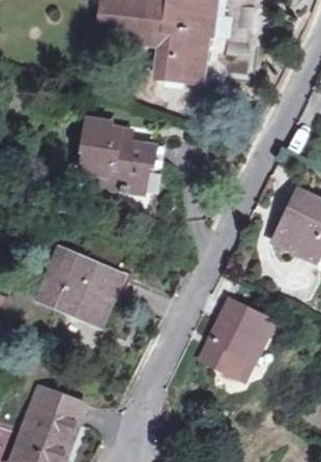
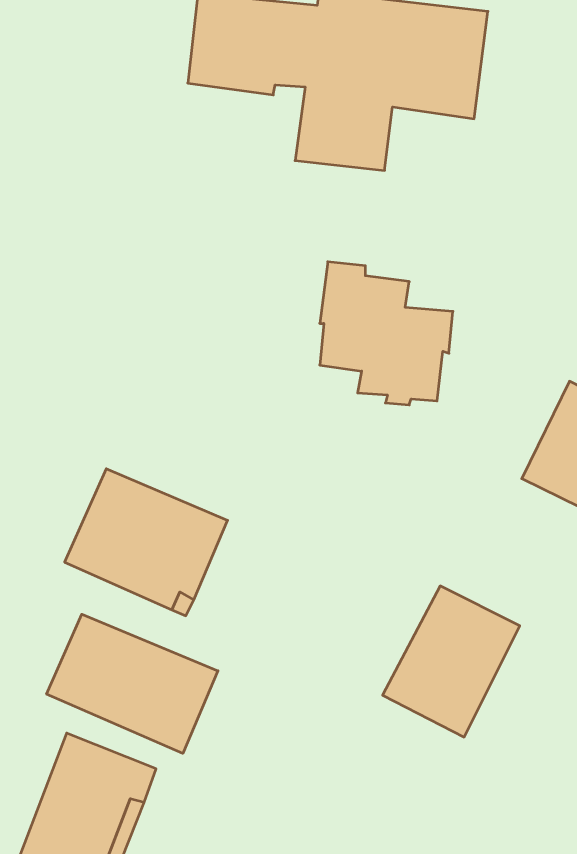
building: [82,115,151,190] -> [320,262,453,405]
building: none -> [47,614,218,753]

